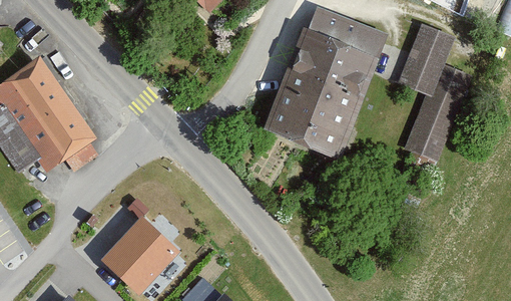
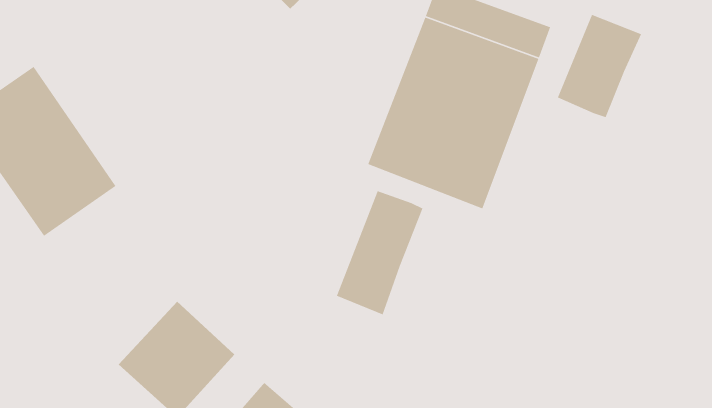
building: [402,64,473,161] -> none
building: none -> [336,190,423,315]

